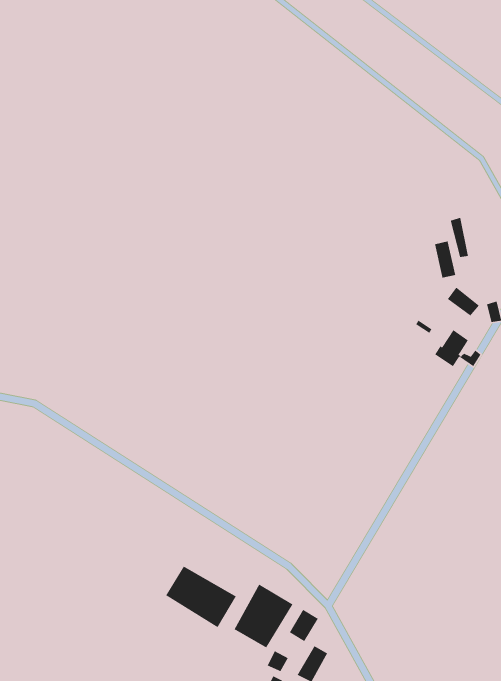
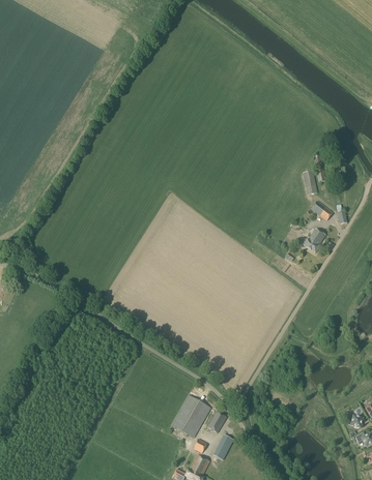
building: [165,565,237,628] -> none

